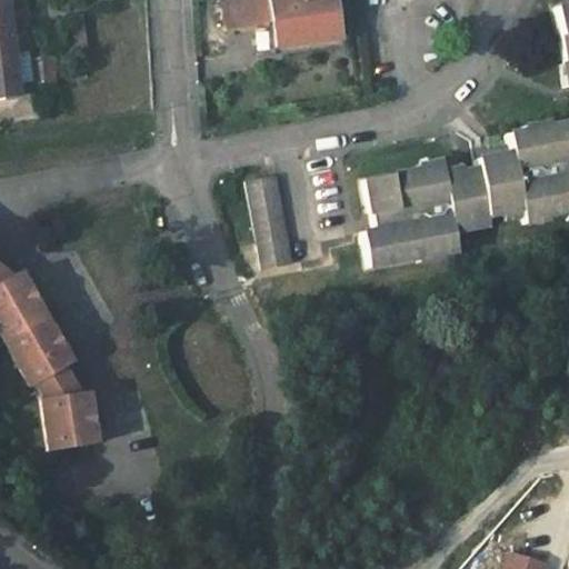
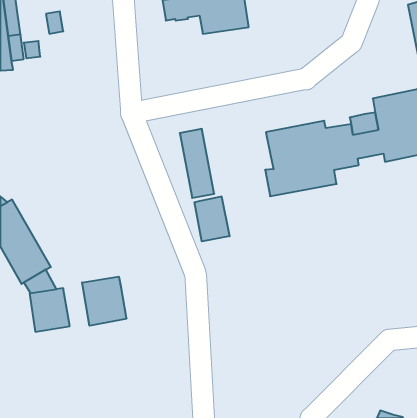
building: none -> [194,196,230,241]
building: none -> [82,277,126,326]

